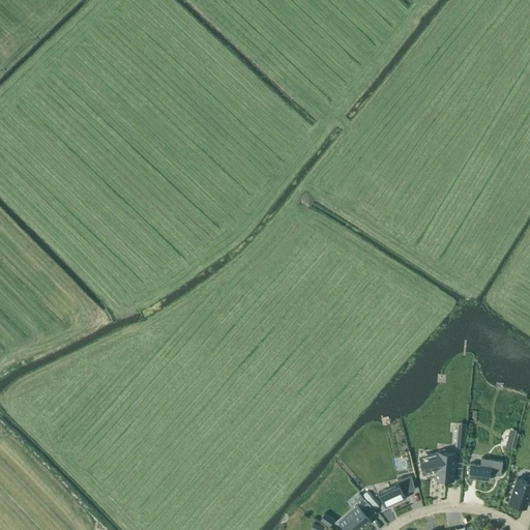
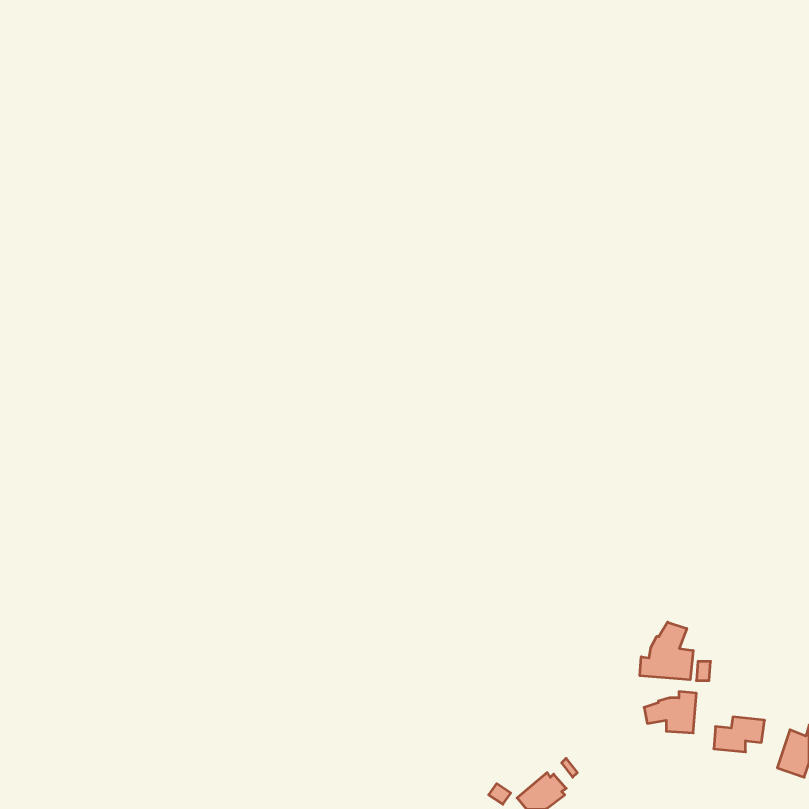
building: none -> [640,622,693,680]
building: [377,474,414,506] -> none

